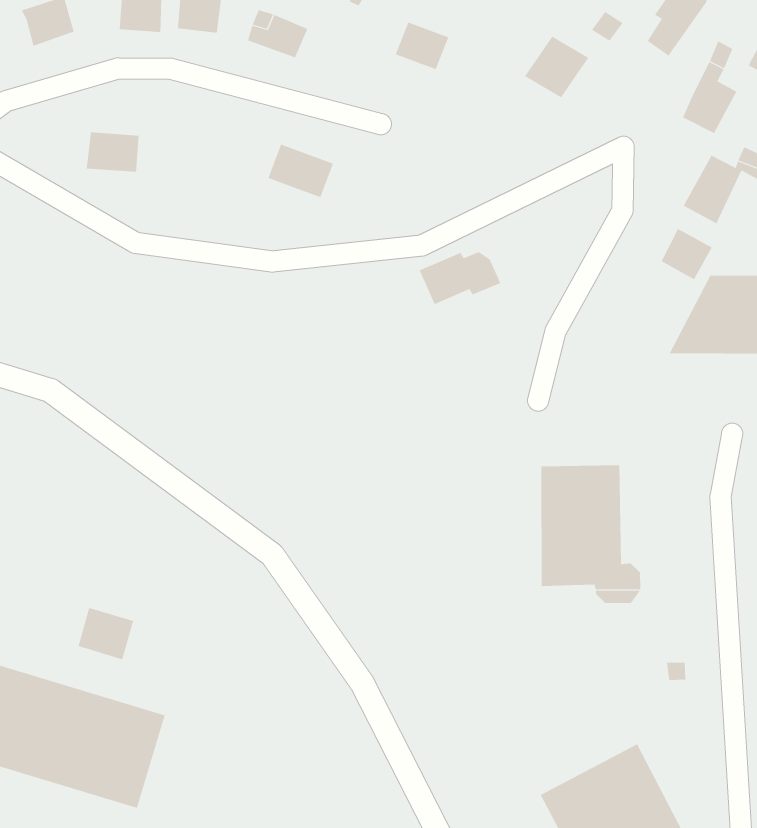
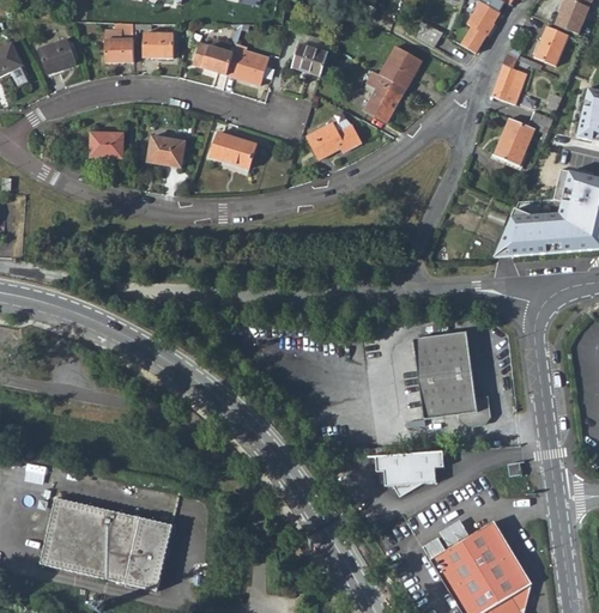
building: none -> [226,45,267,83]
building: none -> [365,68,409,120]
building: none -> [144,142,182,174]
building: [661,228,712,280] -> none
building: [419,252,501,305] -> [308,120,364,158]
building: [78,607,134,660] -> none
building: none -> [376,449,444,497]

